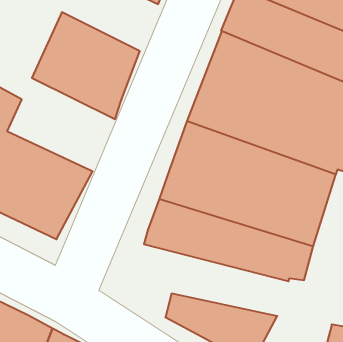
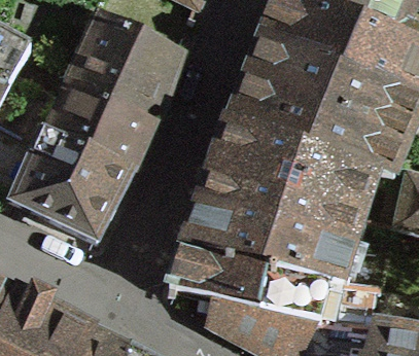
building: none -> [47,79,155,172]
building: none -> [170,246,376,326]

